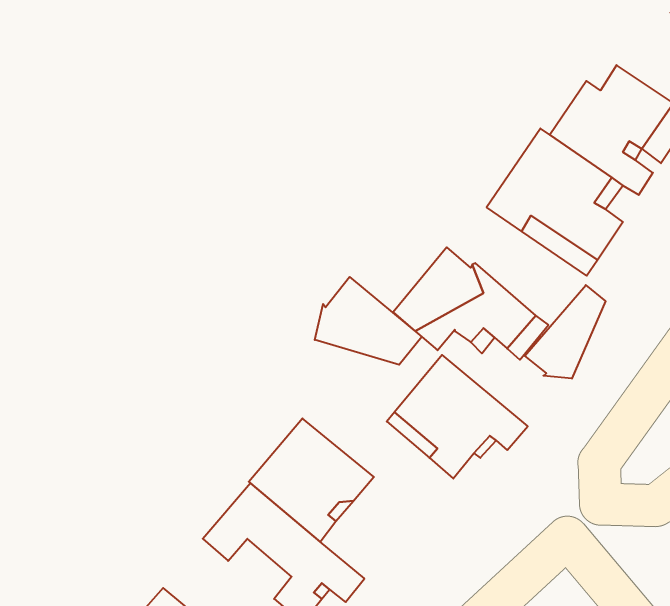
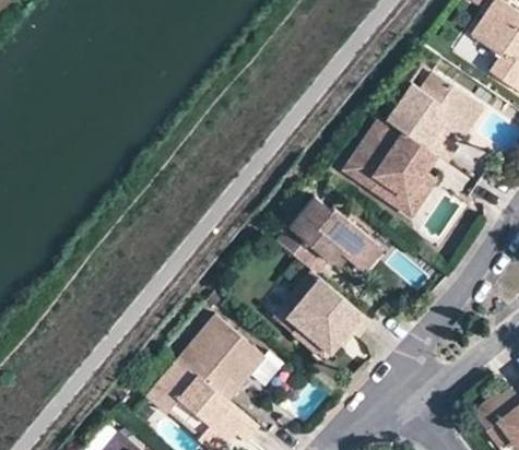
building: [315,277,422,365] -> none
building: [525,285,606,379] -> none

